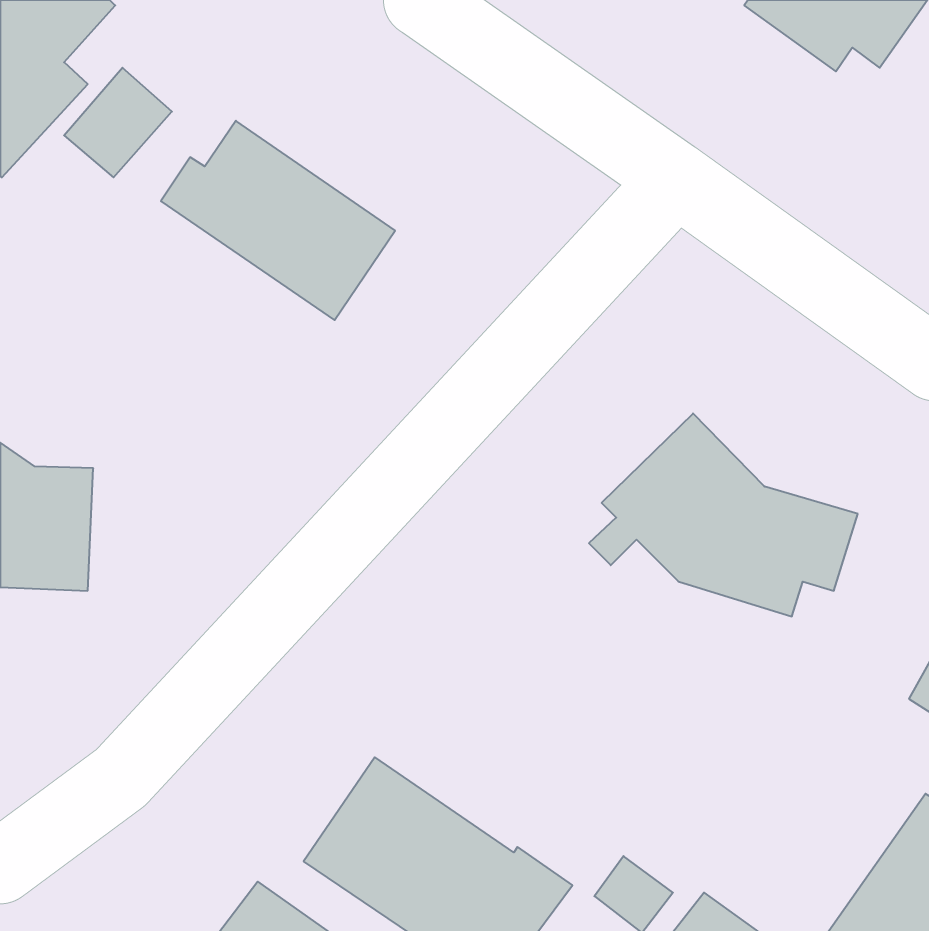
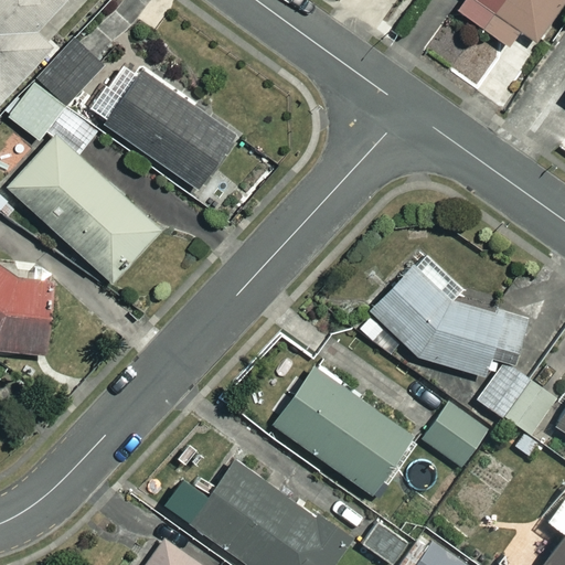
building: none -> [12,84,72,143]
building: none -> [13,111,163,285]
building: none -> [476,360,553,433]
building: none -> [268,363,409,491]
building: none -> [420,401,483,463]

